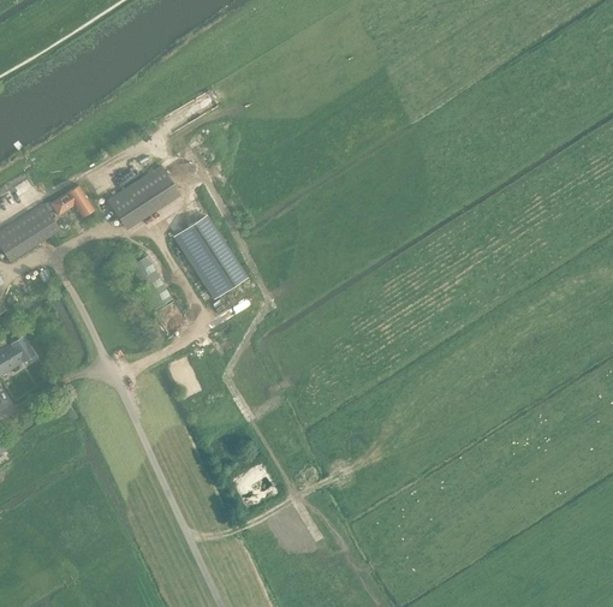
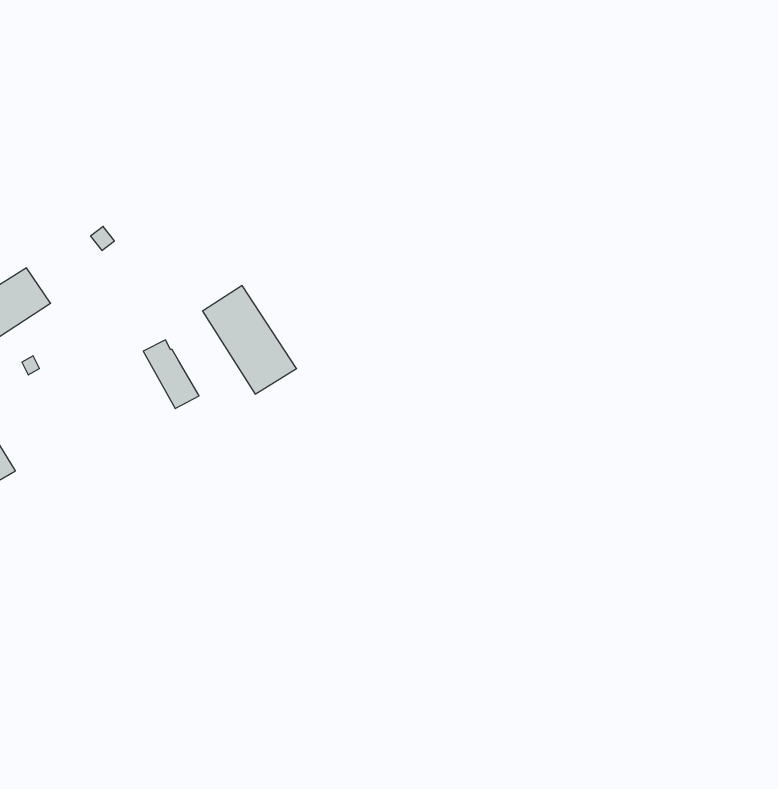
building: [107,166,178,227] -> none
building: [49,185,94,218] -> none

